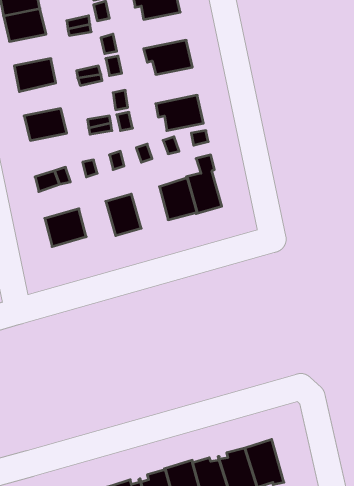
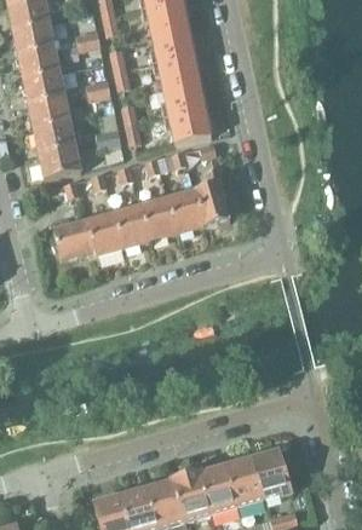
building: none -> [149,25,194,62]
building: none -> [18,47,59,79]
building: none -> [160,80,205,116]
building: none -> [28,96,69,128]
building: none -> [39,145,80,178]
building: none -> [139,198,176,240]
building: none -> [87,213,123,254]

